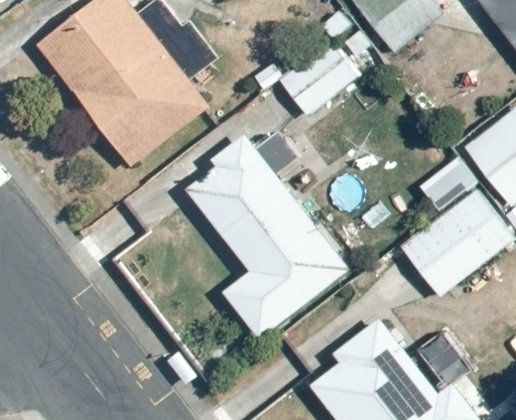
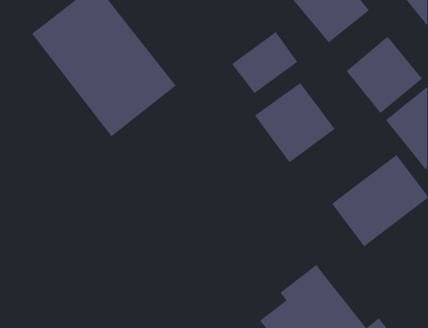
building: none -> [346,36,423,114]
building: none -> [254,82,336,163]
building: [189,132,351,337] -> none

